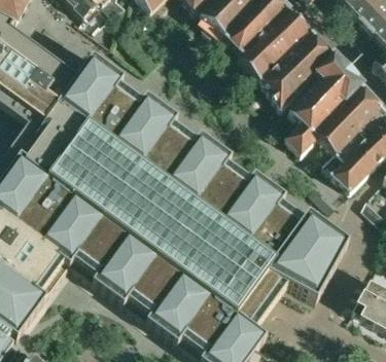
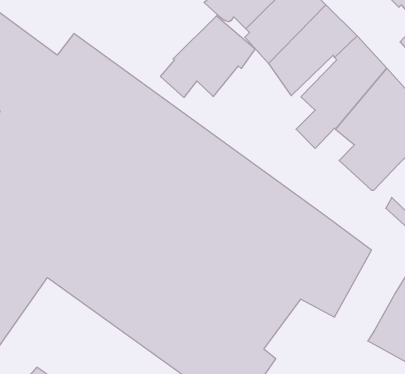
building: none -> [161,16,255,97]

